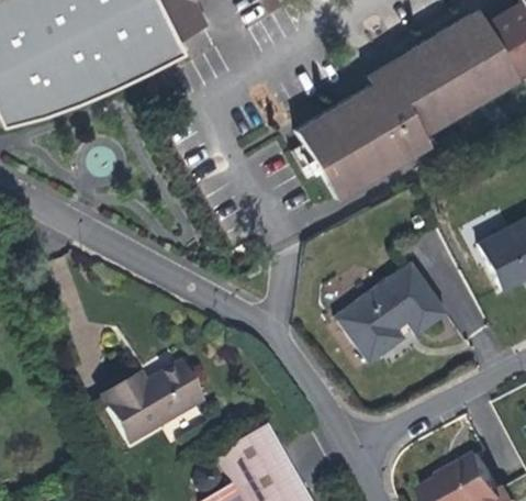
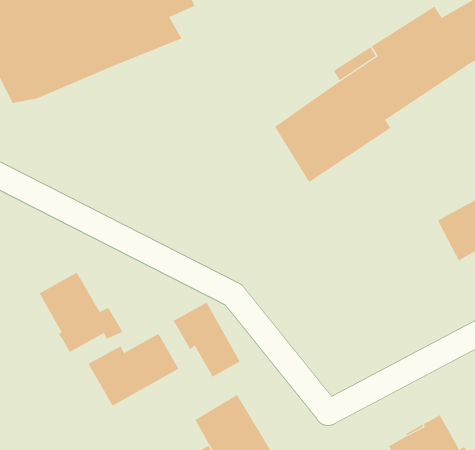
building: [335,259,447,360] -> none
building: none -> [39,272,123,353]
building: none -> [173,302,241,377]

